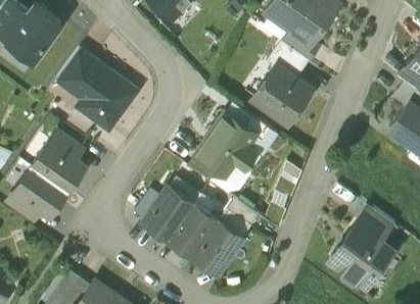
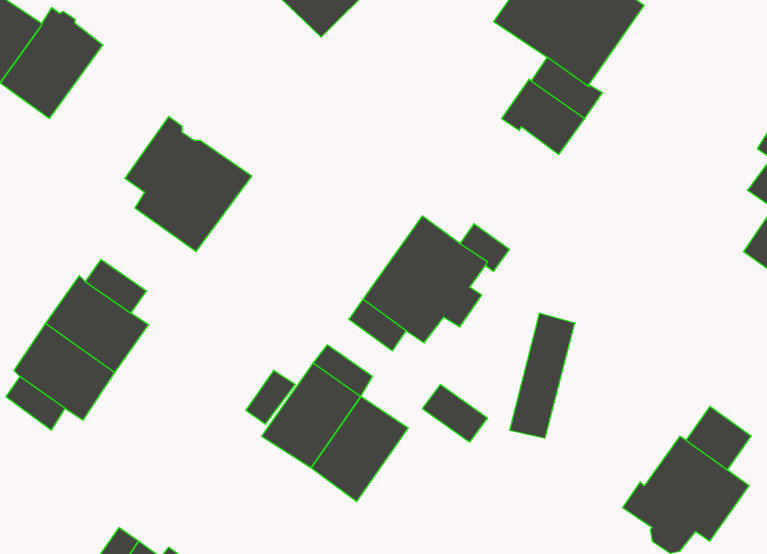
building: [56,50,95,93] -> none
building: [253,66,312,124] -> none
building: [192,221,243,276] -> none

